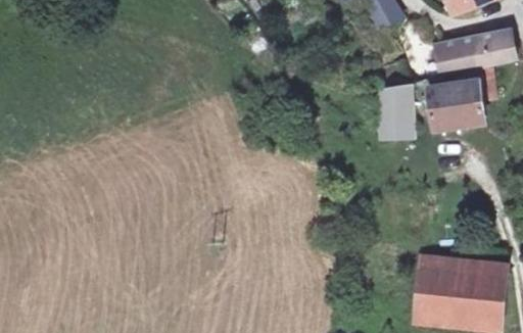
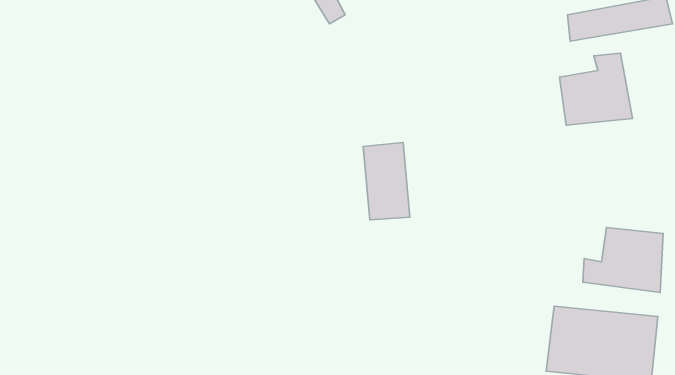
building: [377,85,413,144] -> [363,143,410,220]
building: none -> [583,228,663,292]

